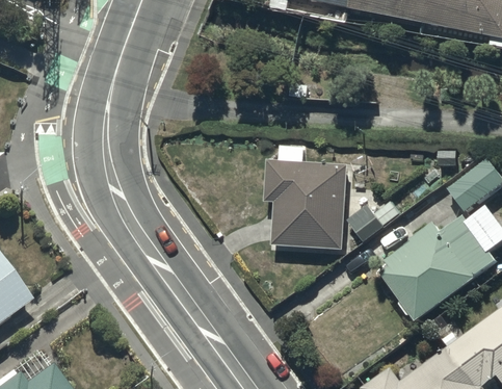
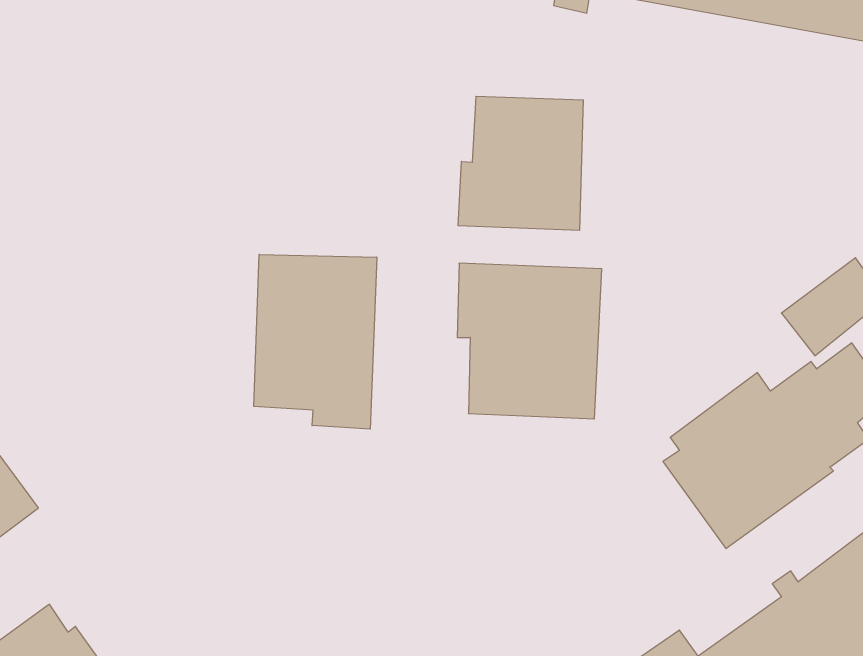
building: none -> [458,96,583,230]
building: none -> [254,254,377,429]

